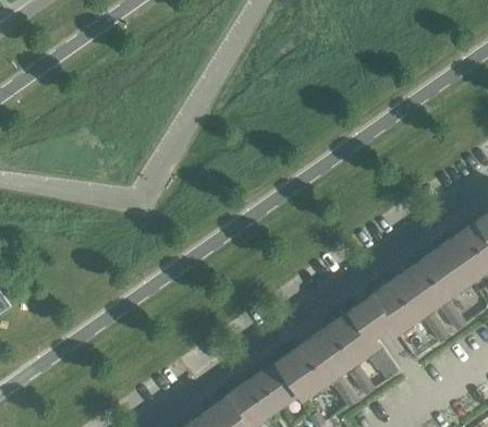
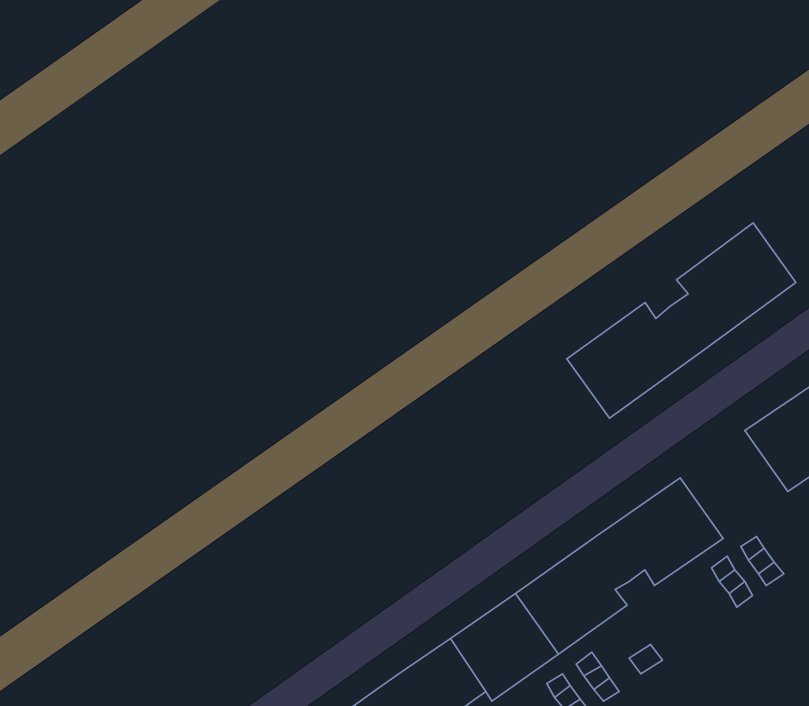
building: none -> [567,223,796,418]
building: [406,246,466,306] -> none

